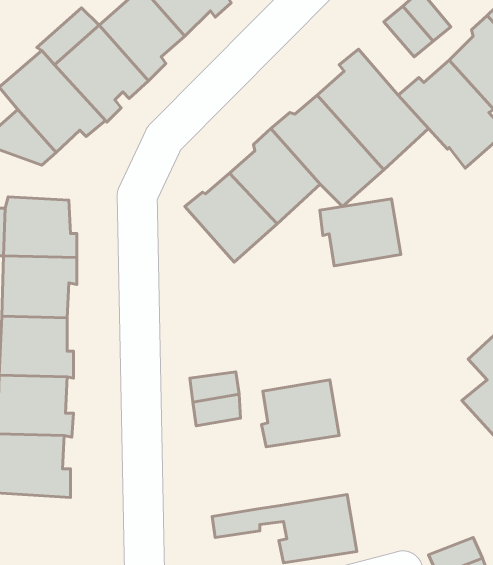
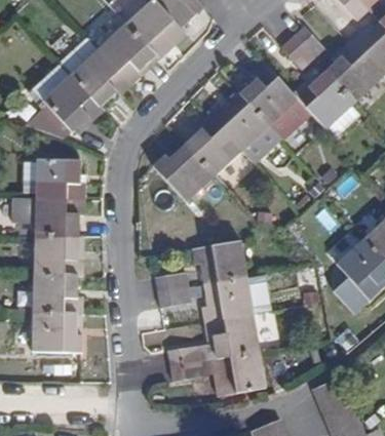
building: [320,199,401,266] -> [195,241,247,284]
building: none -> [169,313,259,365]

